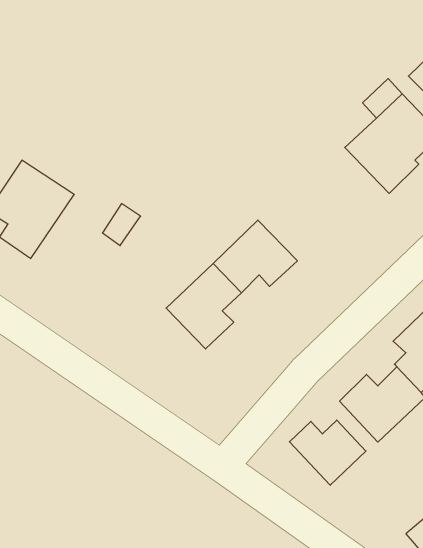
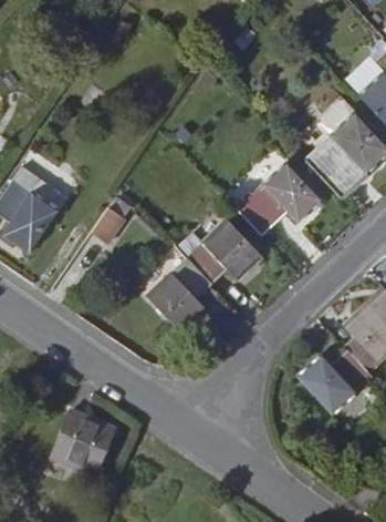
building: none -> [238,162,321,234]
building: [289,420,366,485] -> none
building: none -> [55,411,118,475]

